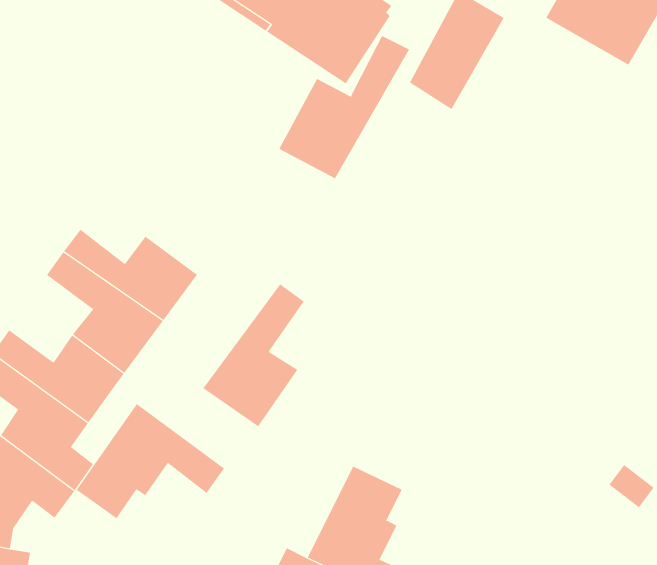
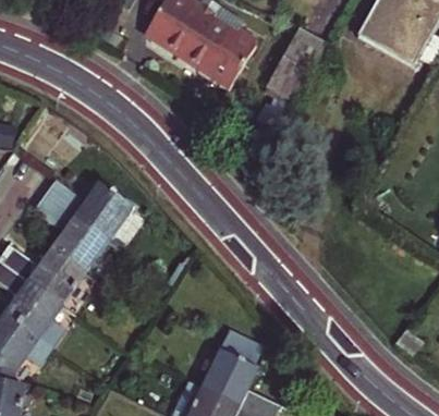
building: [279,35,410,179] -> none
building: [202,284,305,427] -> none
building: [76,403,225,519] -> none

